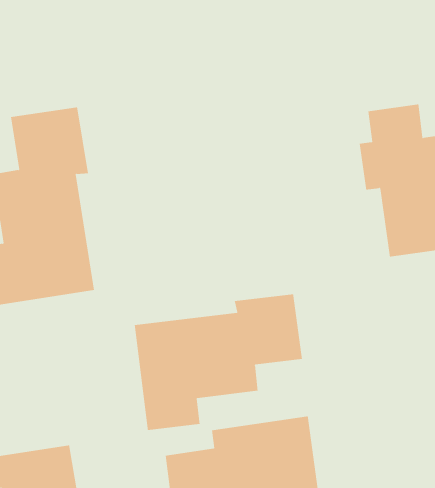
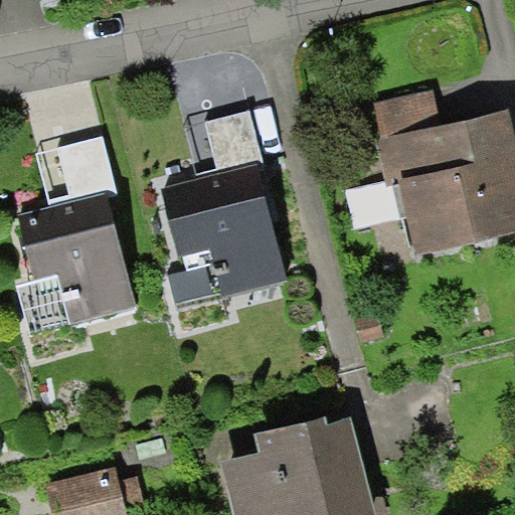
building: none -> [166,112,280,300]
building: [134,294,302,431] -> none

